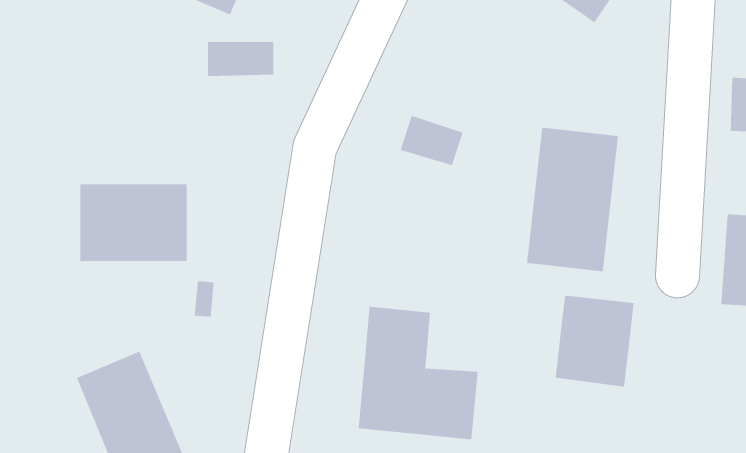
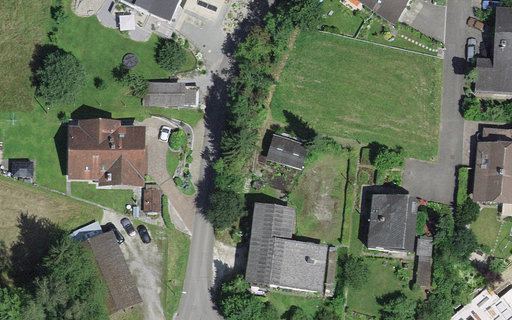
building: [207,41,274,76] -> [147,84,189,106]
building: [400,115,464,166] -> [265,132,305,164]
building: [527,127,618,272] -> none

